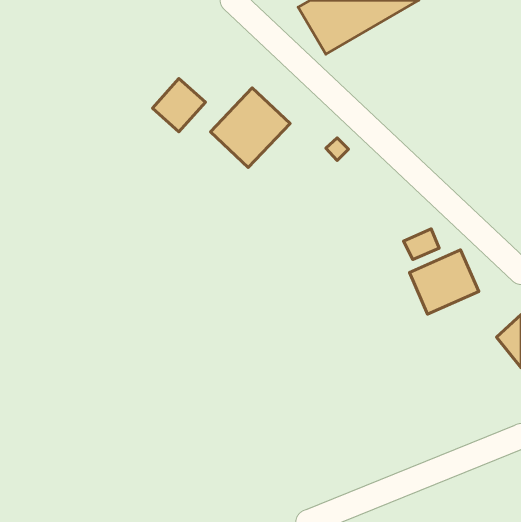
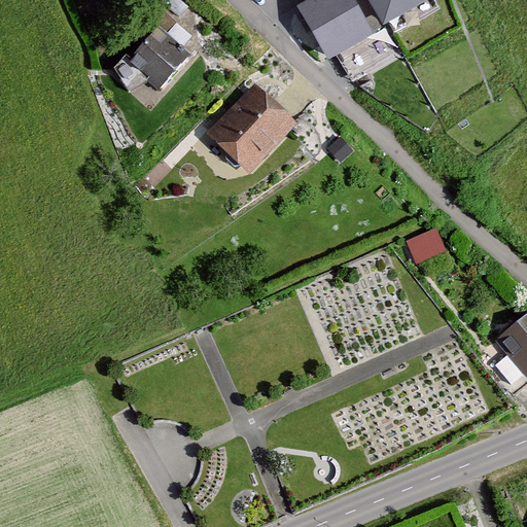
building: [152,79,206,132] -> [131,32,184,85]
building: [409,250,479,314] -> none

